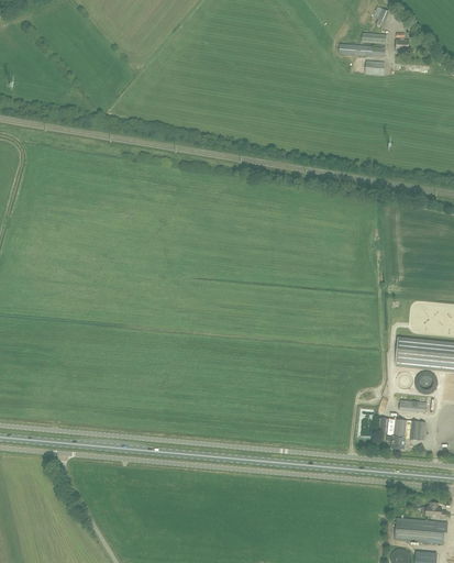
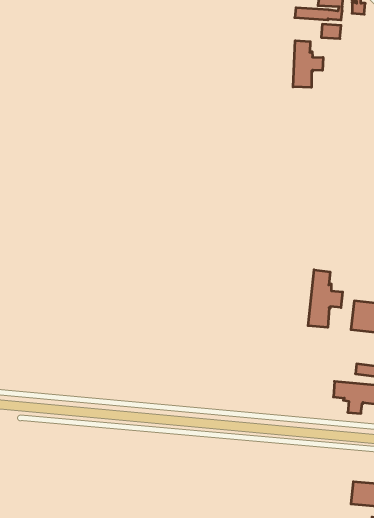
building: none -> [293,41,323,87]
building: none -> [308,270,343,327]

